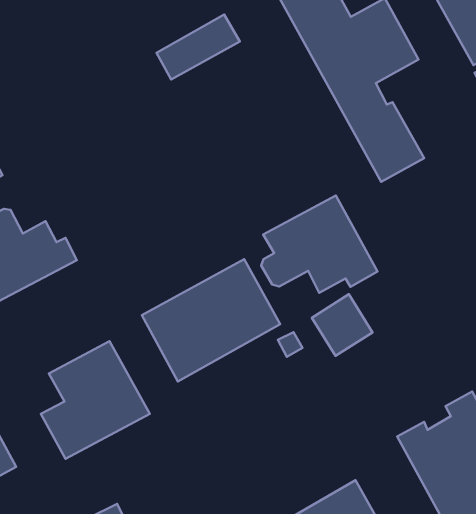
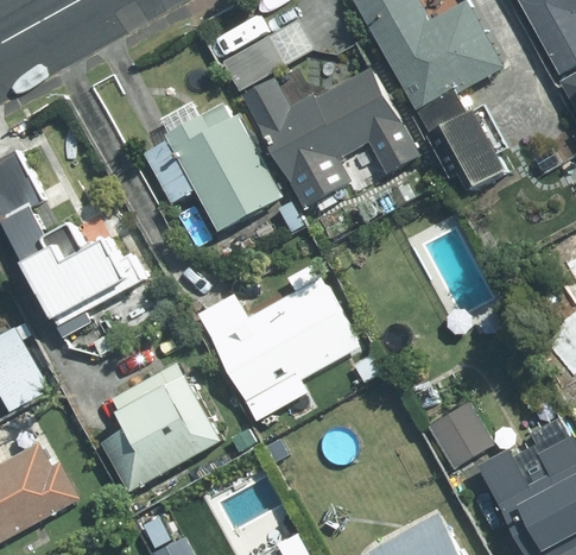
building: none -> [242,69,400,184]
building: none -> [141,102,280,229]
building: [261,196,377,293] -> none
building: [312,294,372,356] -> [428,402,492,467]

